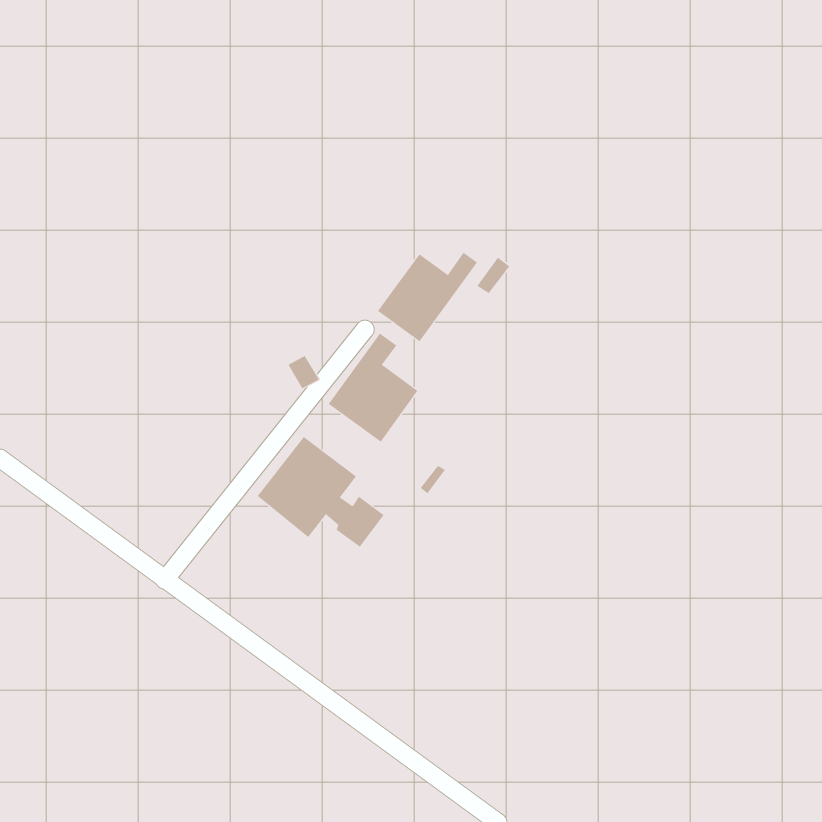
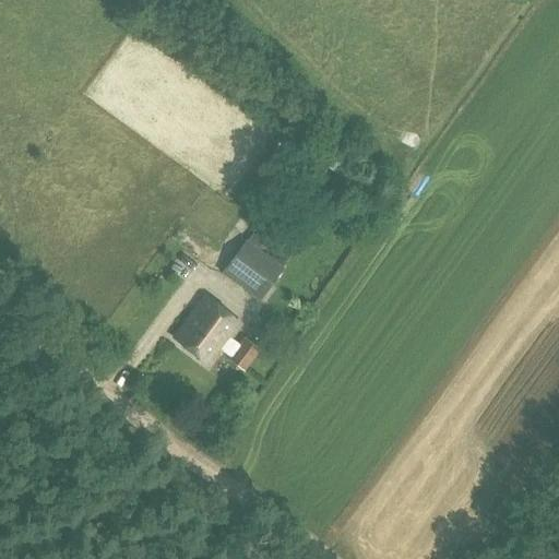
building: [377,252,478,342] -> none

